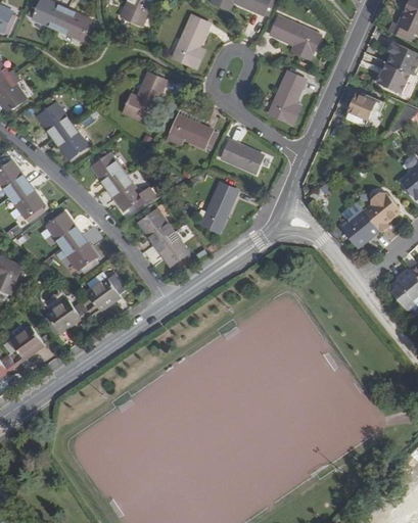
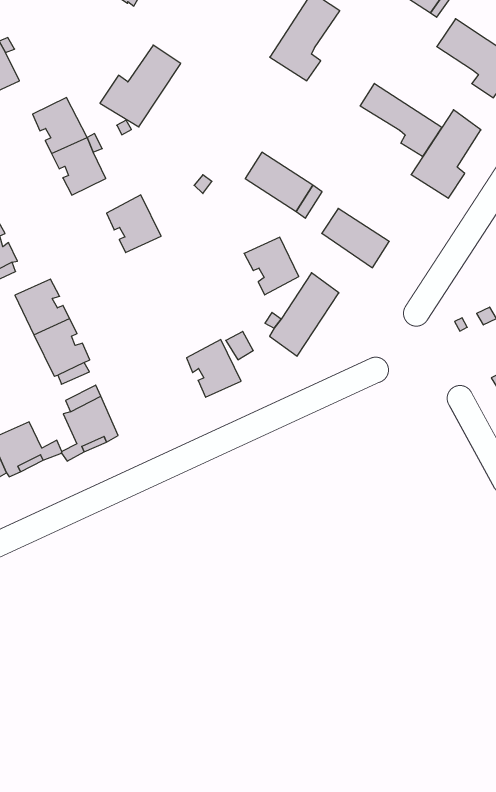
building: none -> [360,83,442,157]
building: [122,72,166,122] -> [100,45,181,127]
building: [106,175,141,209] -> none
building: [137,208,172,244] -> [244,237,299,295]

